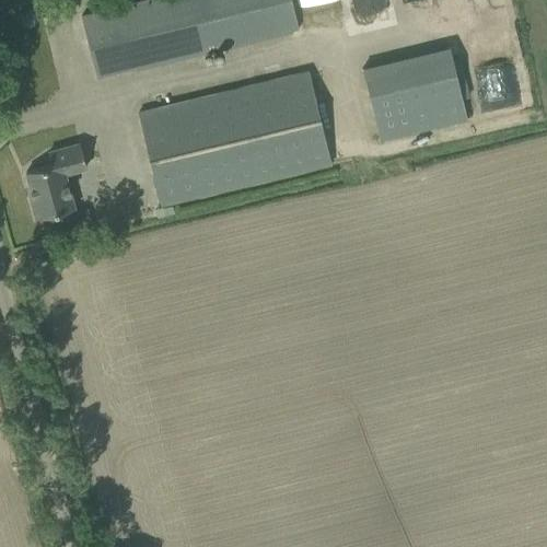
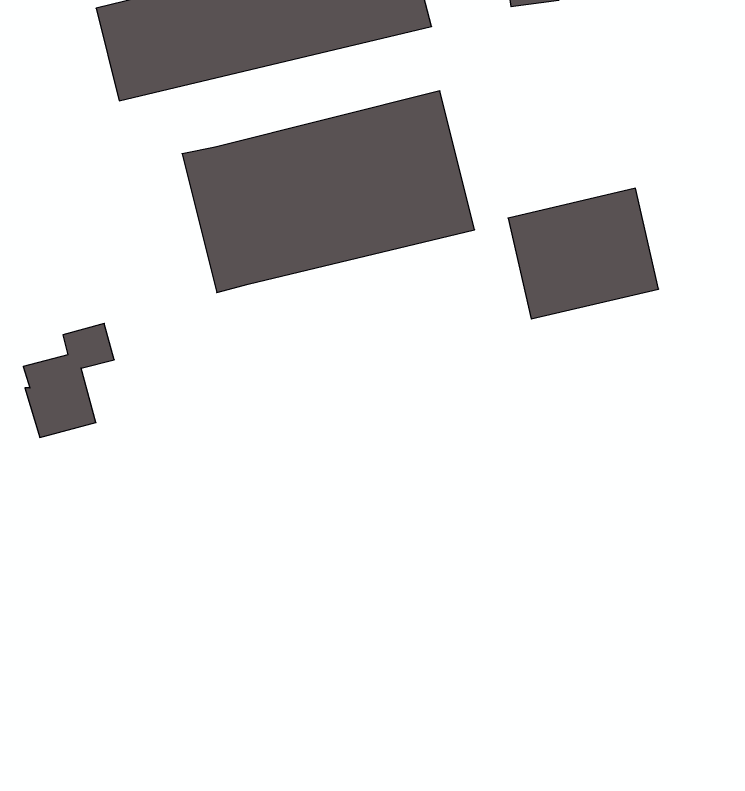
building: [368,54,467,140] -> [508,188,659,319]
building: [26,143,86,219] -> [23,323,114,437]

